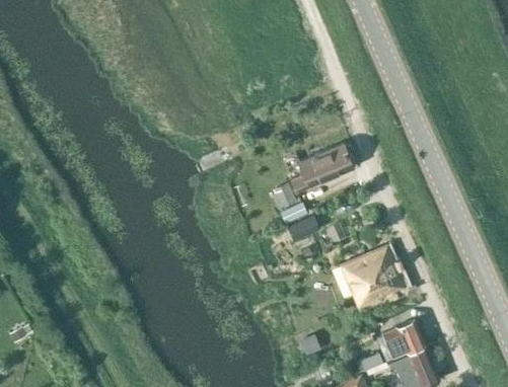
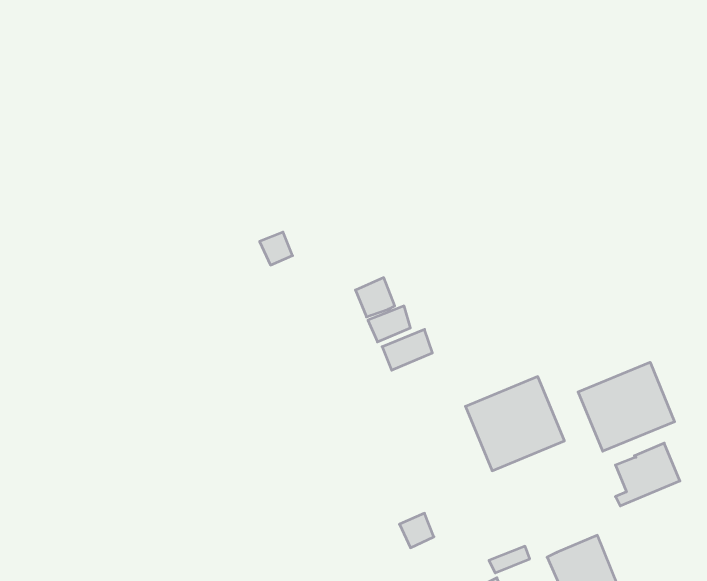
building: [292,144,353,191] -> none
building: none -> [578,362,675,451]
building: [383,321,425,362] -> [615,443,680,506]

